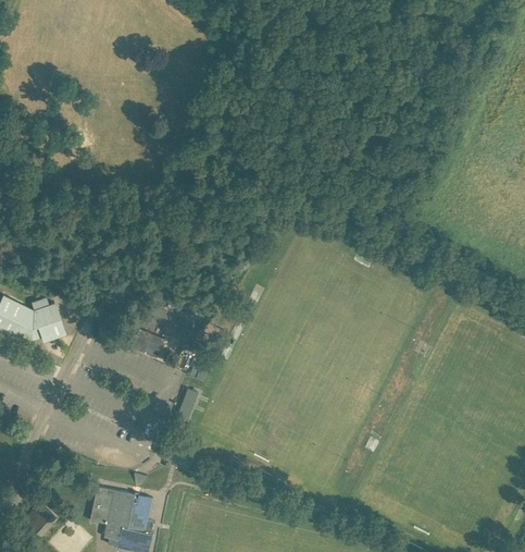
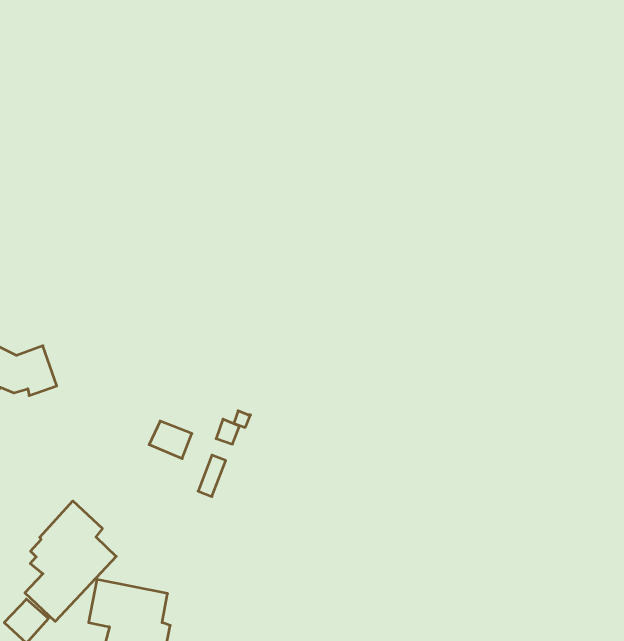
building: [129,329,163,358] -> [149,421,192,459]
building: none -> [25,501,116,621]

